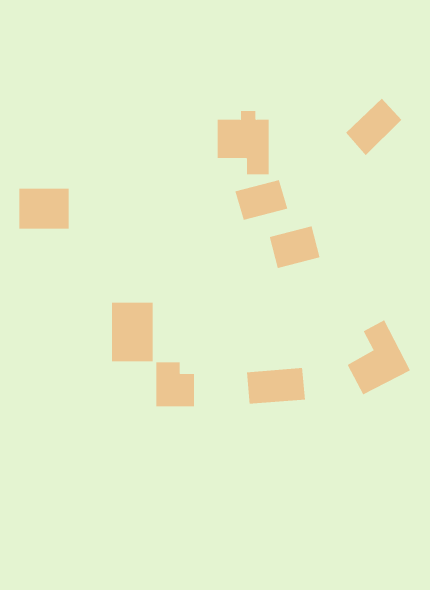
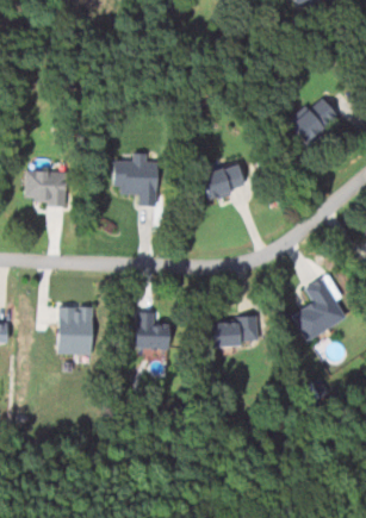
building: [217,111,269,175] -> [114,152,157,205]
building: [269,226,320,269] -> none
building: [111,302,154,362] -> [58,306,93,355]

